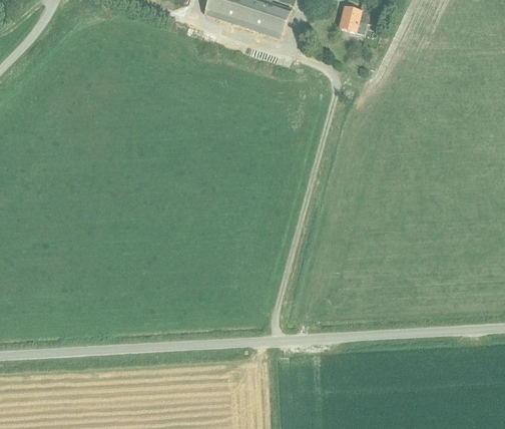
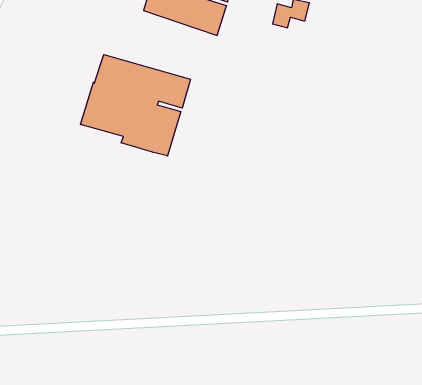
building: none -> [80,55,191,156]

